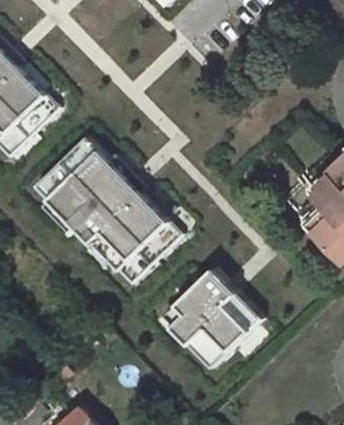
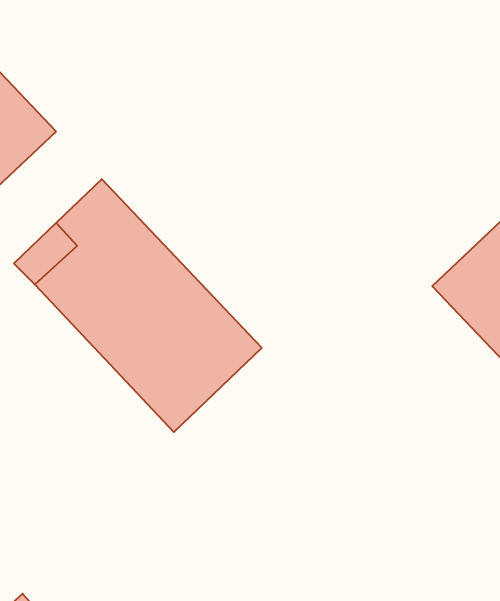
building: [161,273,261,373] -> none

